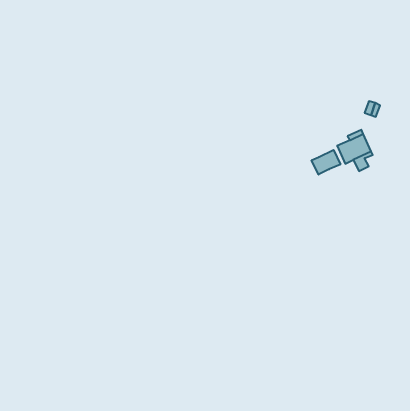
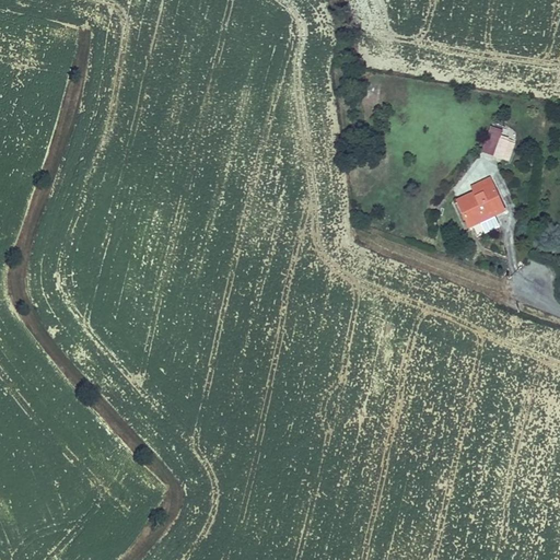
building: [312,150,340,175] -> none

